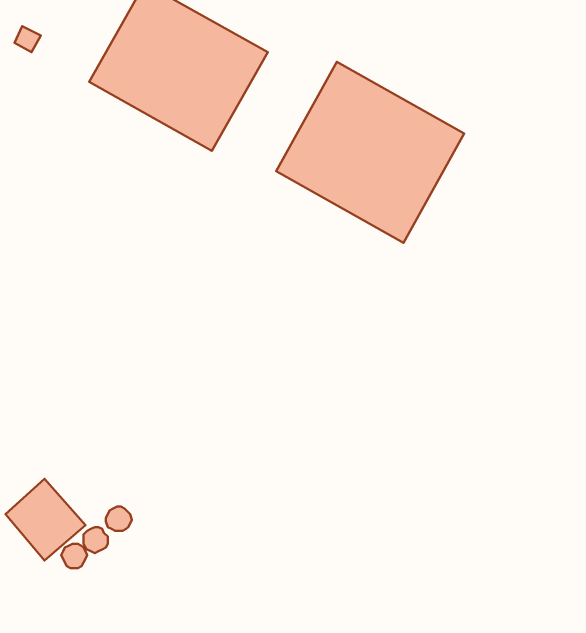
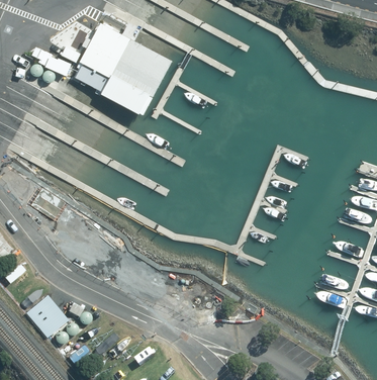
building: [276,62,464,243] -> none

